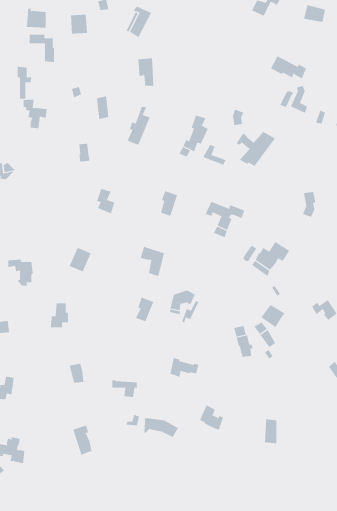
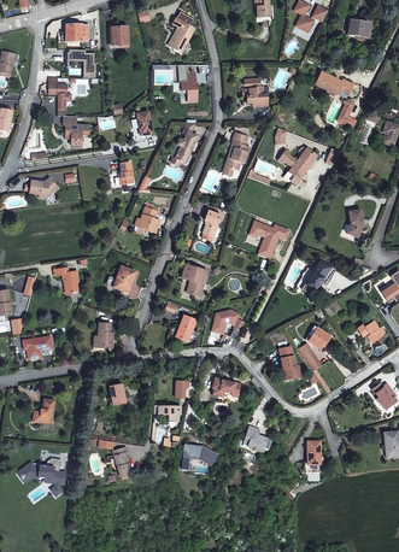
building: none -> [243,78,270,107]

